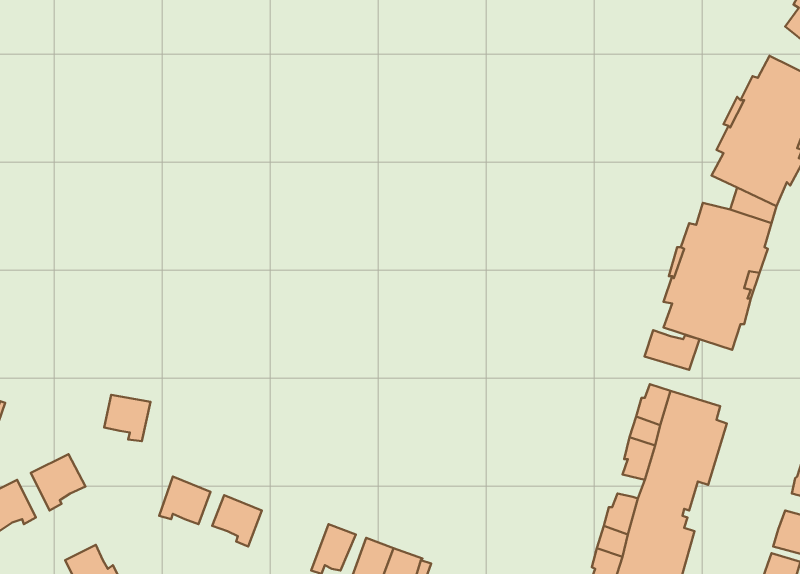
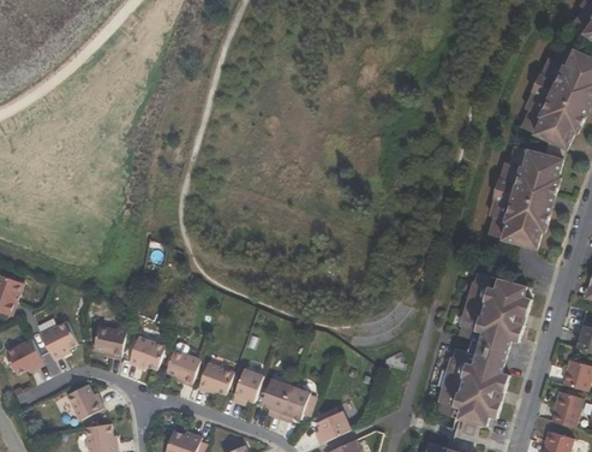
building: [644,330,699,370] -> none
building: [104,395,151,441] -> [95,327,127,359]
building: none -> [203,364,239,396]

